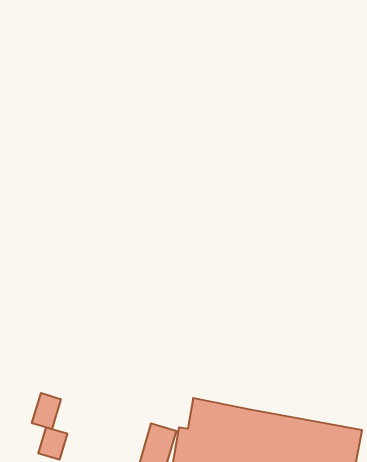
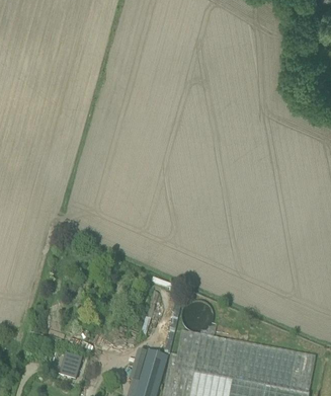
building: [32,393,61,429] -> none

